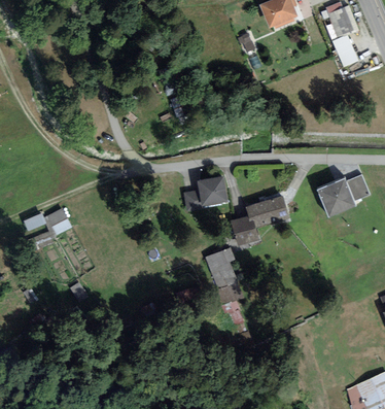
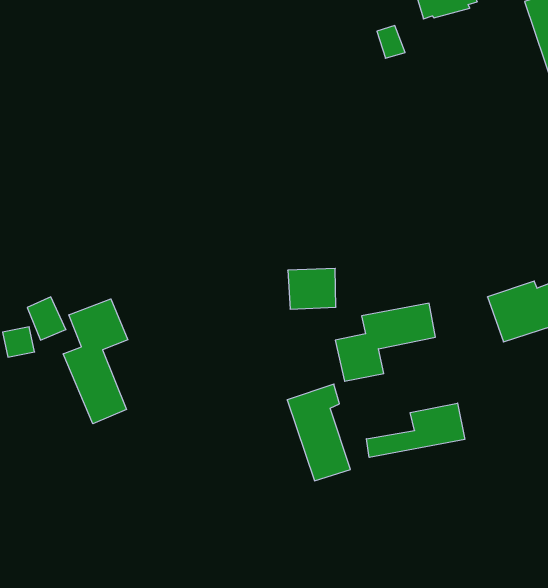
building: none -> [63,299,128,424]
building: none -> [366,403,465,457]

